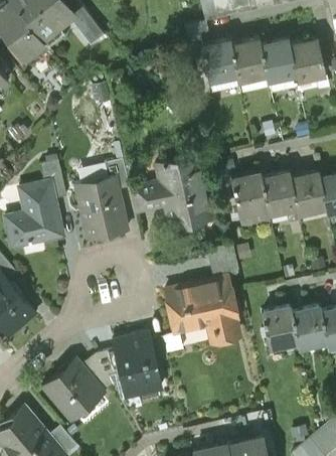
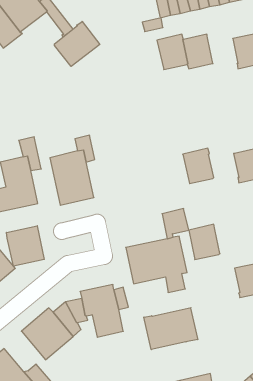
building: none -> [55,21,100,66]
building: [261,40,296,82] -> none
building: [132,156,211,227] -> none
building: [262,174,297,215] -> none
building: none -> [6,226,44,266]
building: [262,308,298,349] -> [189,224,220,260]
building: none -> [144,308,198,350]

